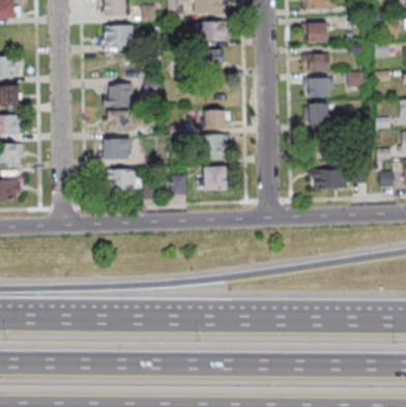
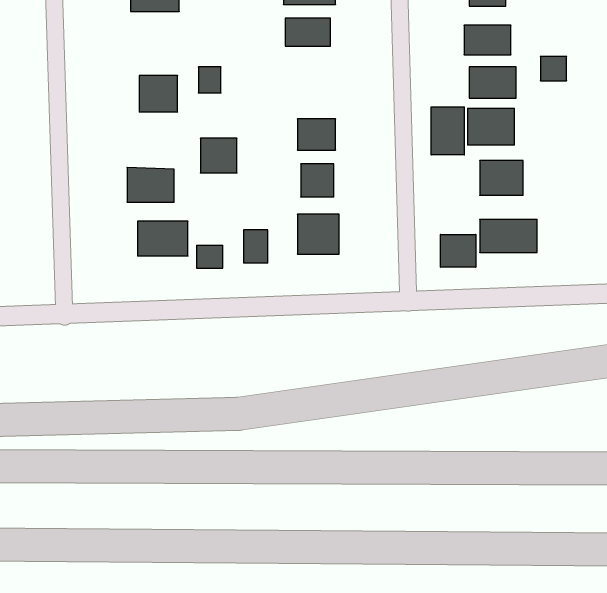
building: none -> [431,107,464,155]
building: [108,112,129,133] -> [200,138,237,173]
building: none -> [441,234,476,267]

